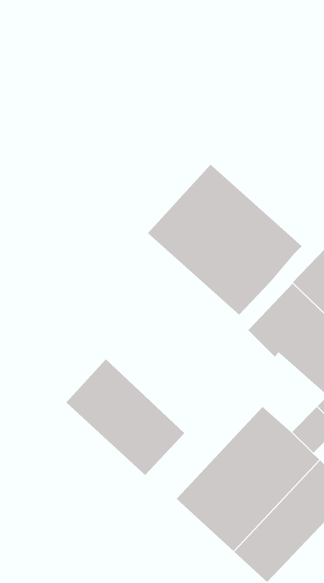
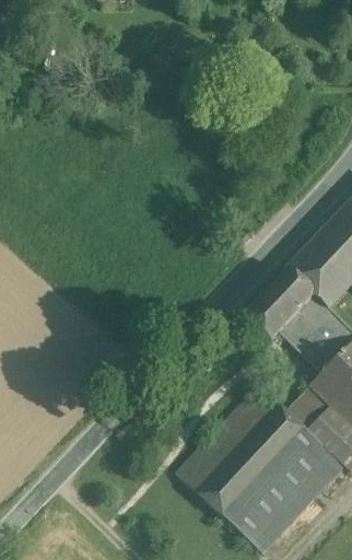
building: [147,164,302,316] -> none
building: [65,359,185,476] -> none

